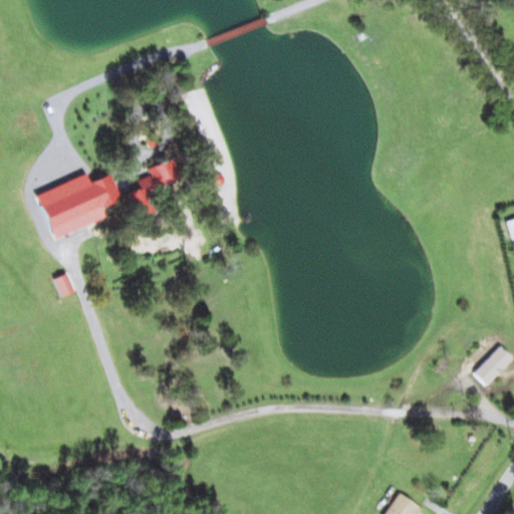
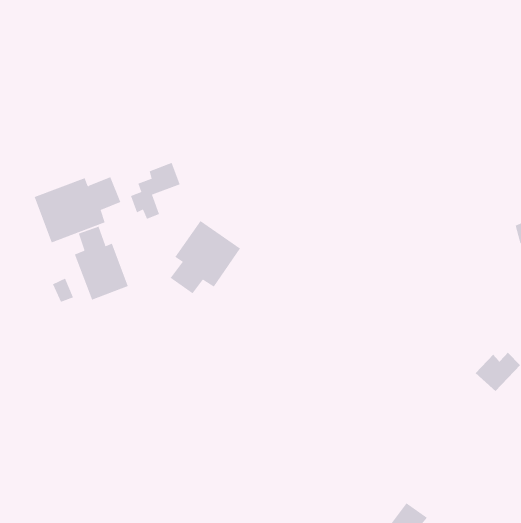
building: none -> [170,220,241,294]
building: none -> [74,226,129,300]

